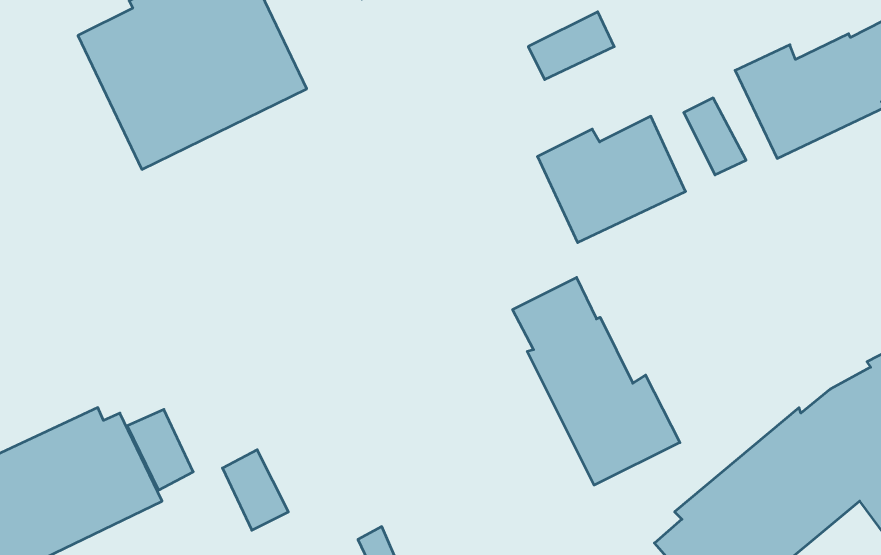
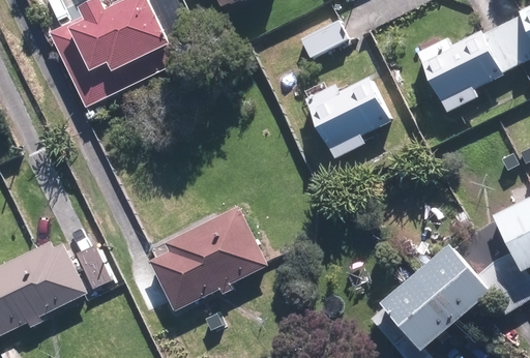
building: [513,277,680,485] -> none
building: none -> [149,203,267,309]

